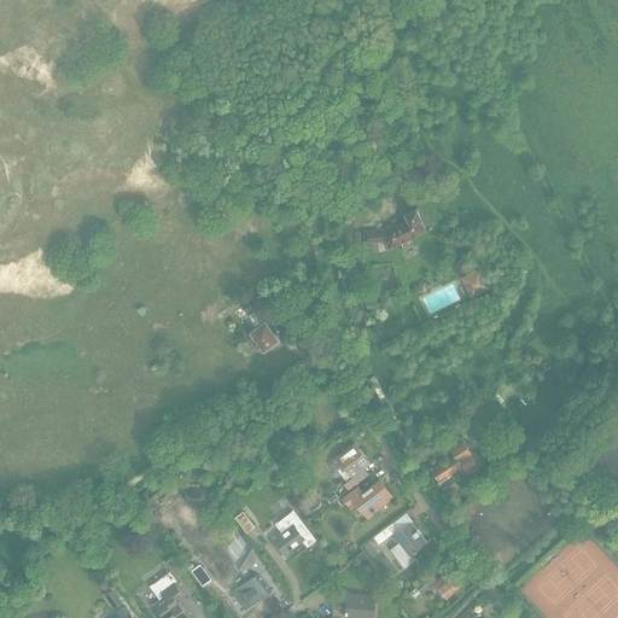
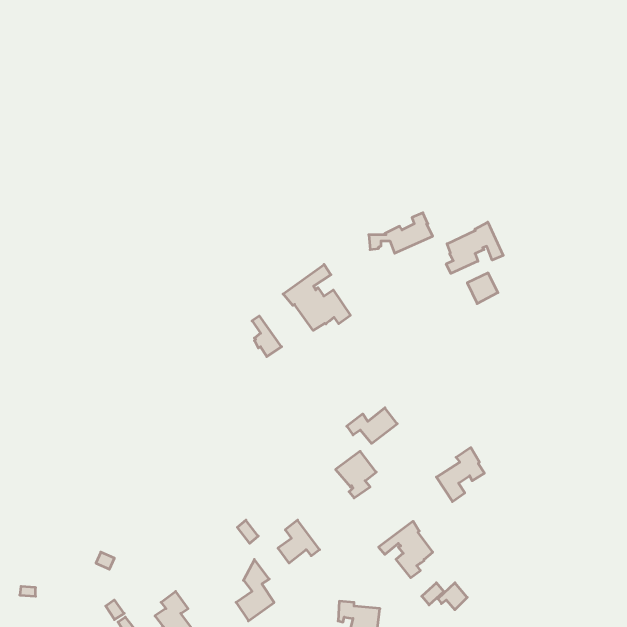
building: none -> [446,222,503,273]
building: none -> [283,264,350,330]
building: [342,482,391,517] -> [347,408,397,443]

